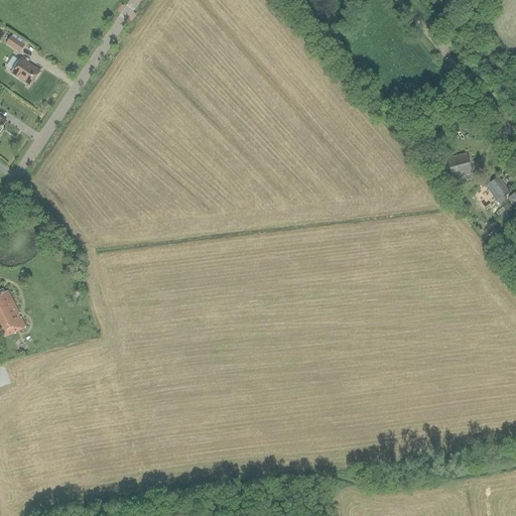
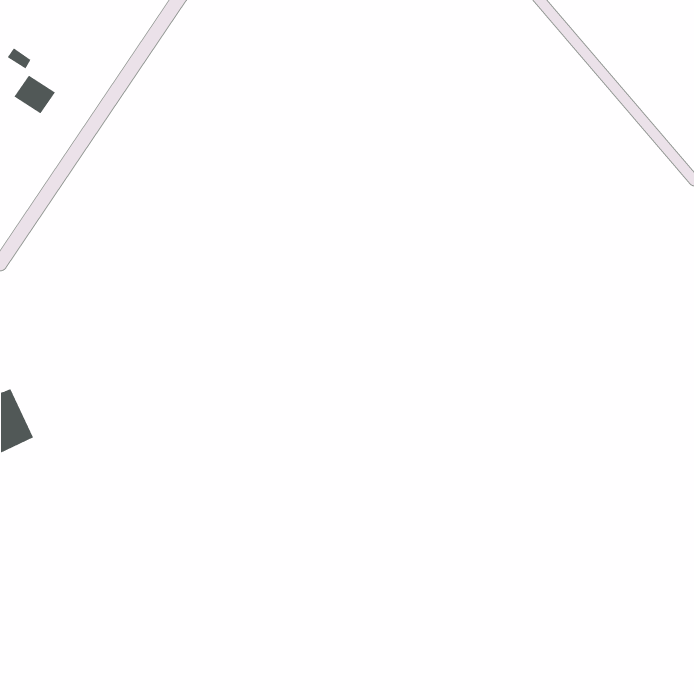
building: [447,151,472,175] -> none
building: [486,174,511,202] -> none

